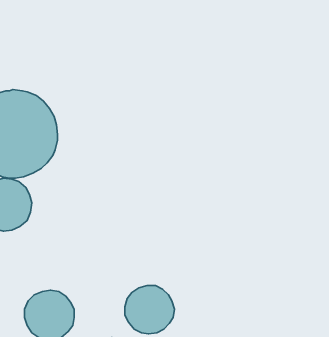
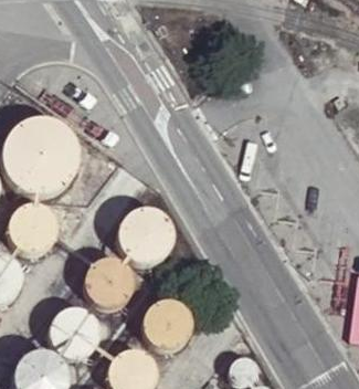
building: none -> [123,210,172,260]
building: none -> [87,260,133,305]

